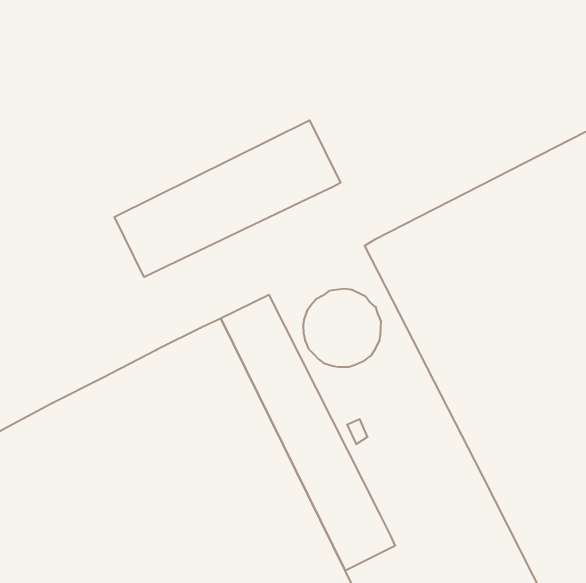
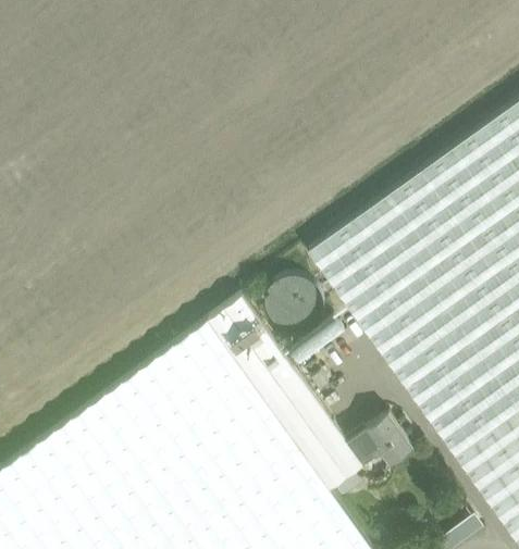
building: [114,120,340,277] -> none
building: none -> [348,417,413,467]

